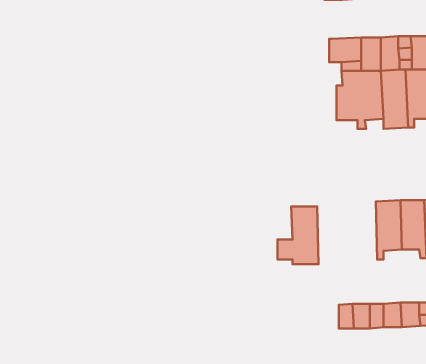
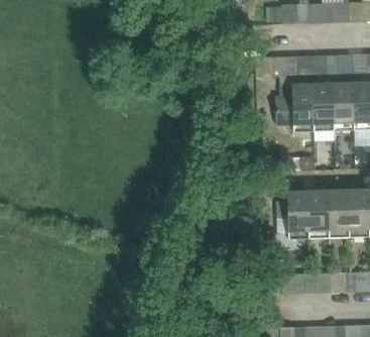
building: [278,206,318,264] -> [279,191,313,238]

